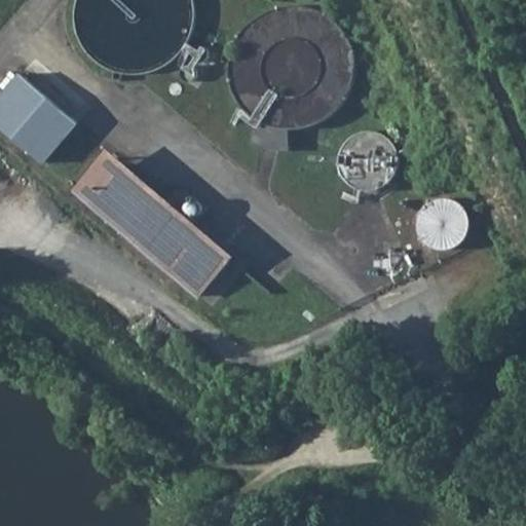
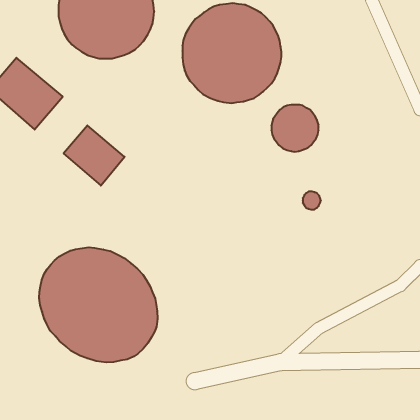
building: [125,195,229,294] -> none
building: [416,199,475,258] -> none
building: none -> [39,247,157,362]

